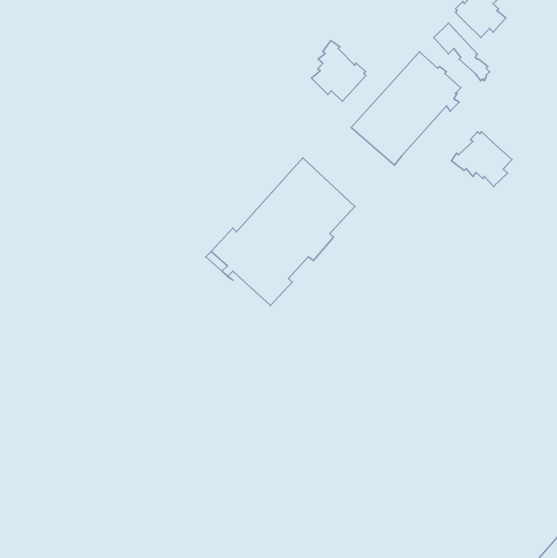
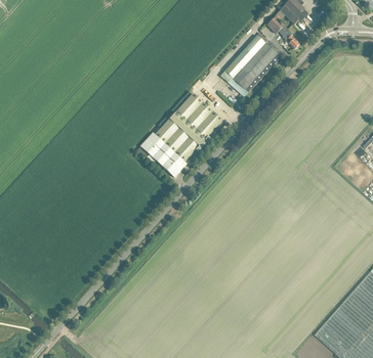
building: [311,40,366,101] -> none
building: [451,132,512,186] -> none

